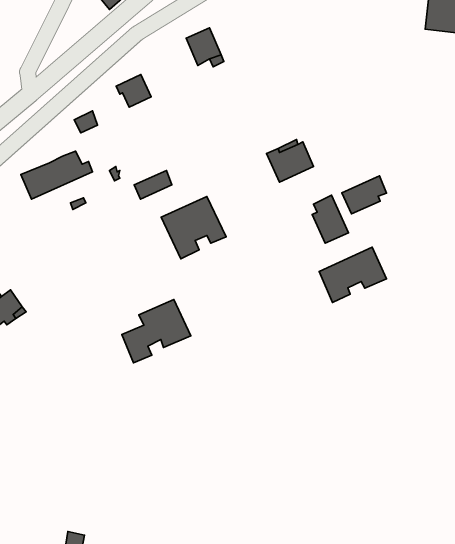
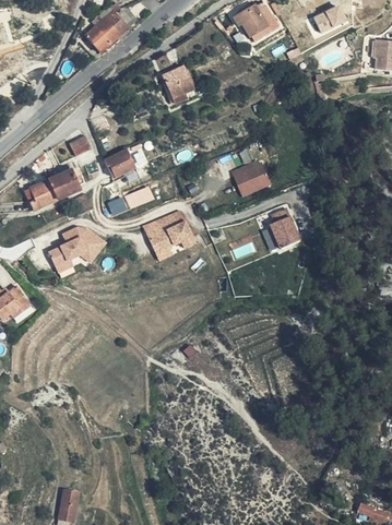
building: [116,75,151,107] -> [105,150,134,177]
building: [342,176,386,214] -> none
building: [319,247,387,303] -> none
building: [122,299,191,363] -> [49,218,107,272]

